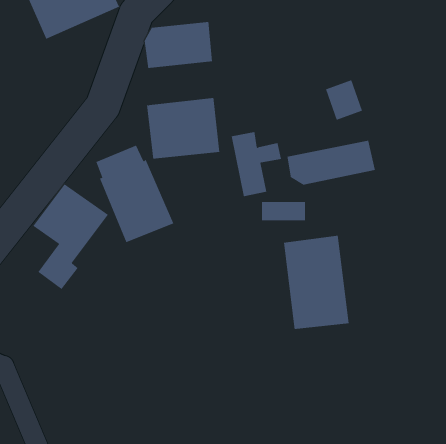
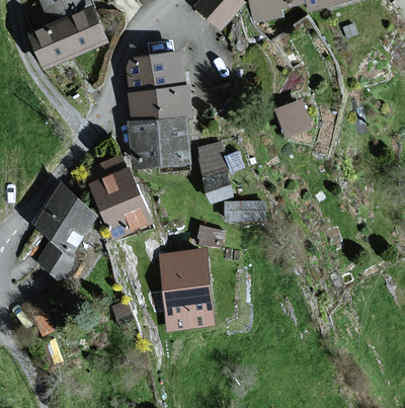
building: none -> [128,84,191,121]
building: [287,140,376,185] -> none
building: [283,235,350,329] -> [159,249,215,328]

